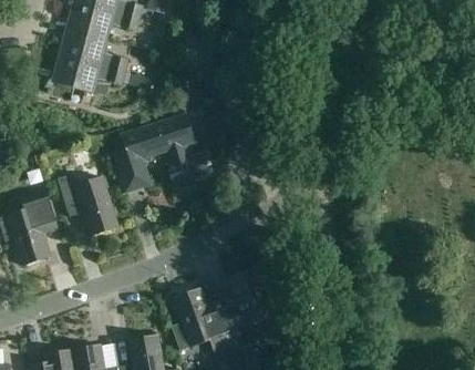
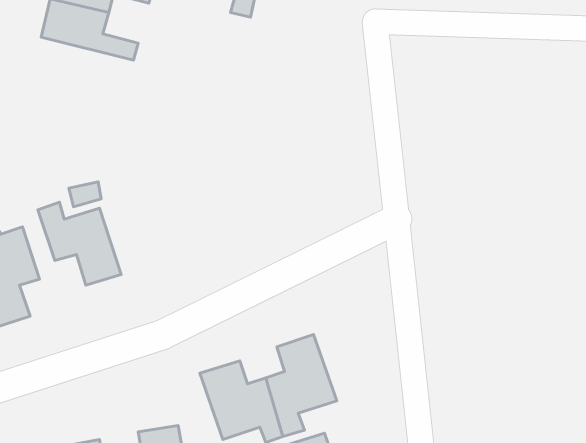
building: [51,54,125,92] -> none
building: [112,115,211,191] -> none

